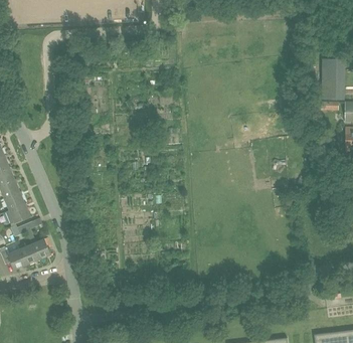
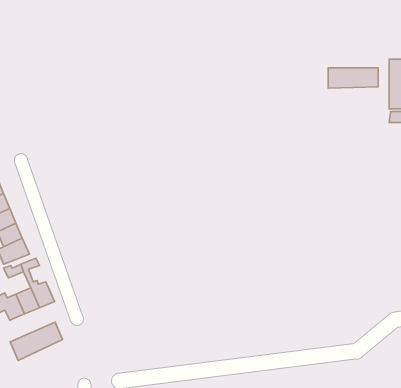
building: none -> [328,68,378,88]
building: none -> [10,322,63,360]

